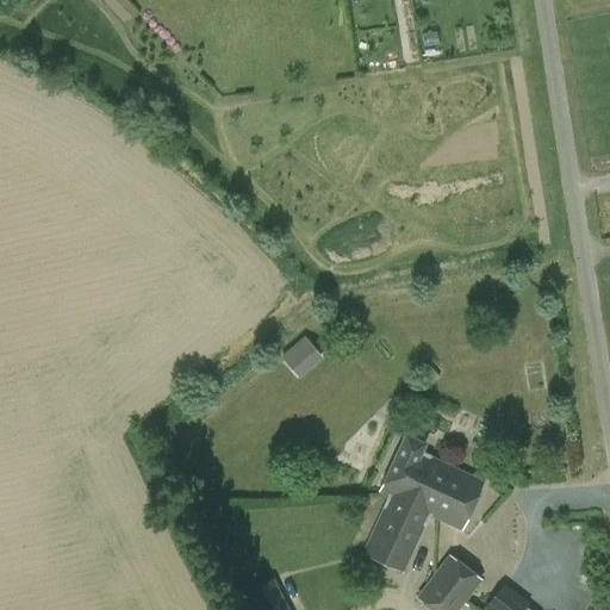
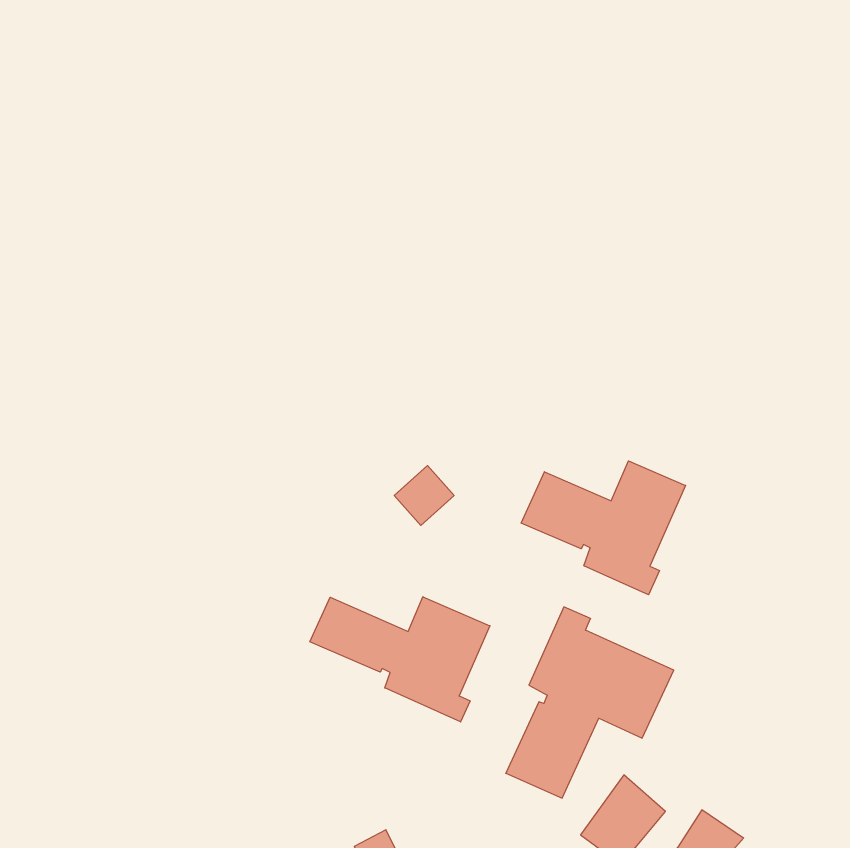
building: none -> [521,461,686,595]
building: none -> [310,597,490,722]

